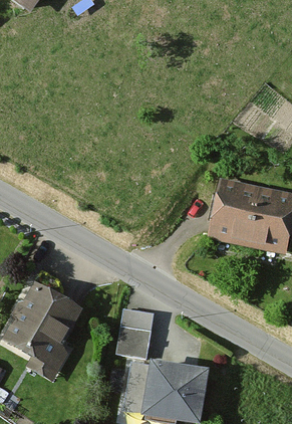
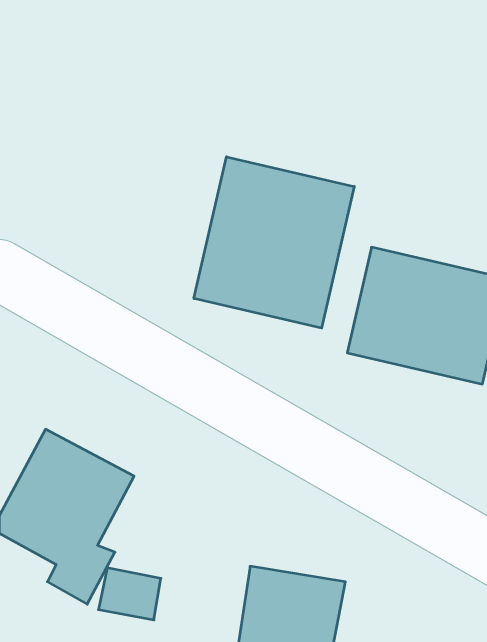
building: none -> [194,157,354,328]
building: [116,325,153,355] -> [98,568,161,620]

